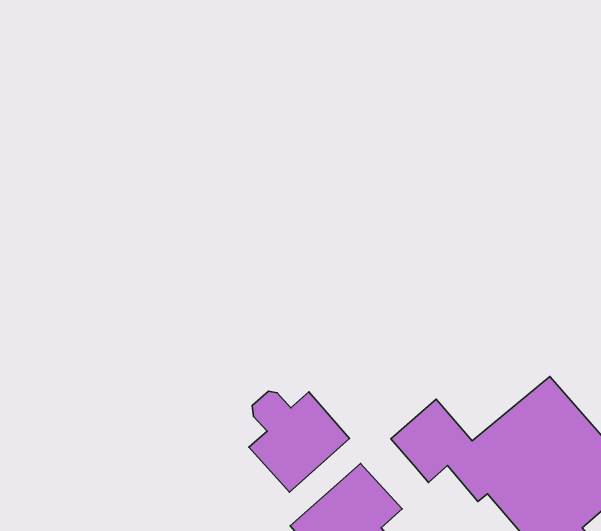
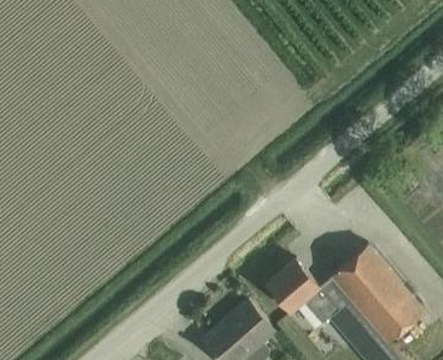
building: [249,391,350,492] -> none

